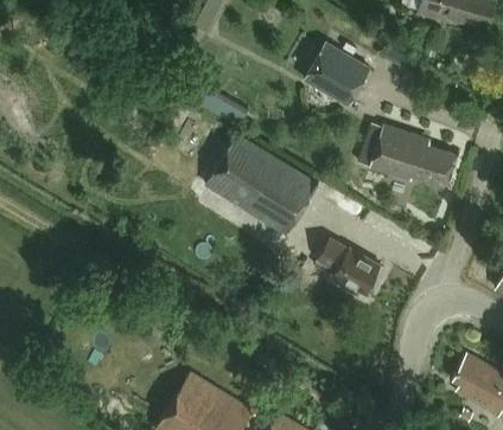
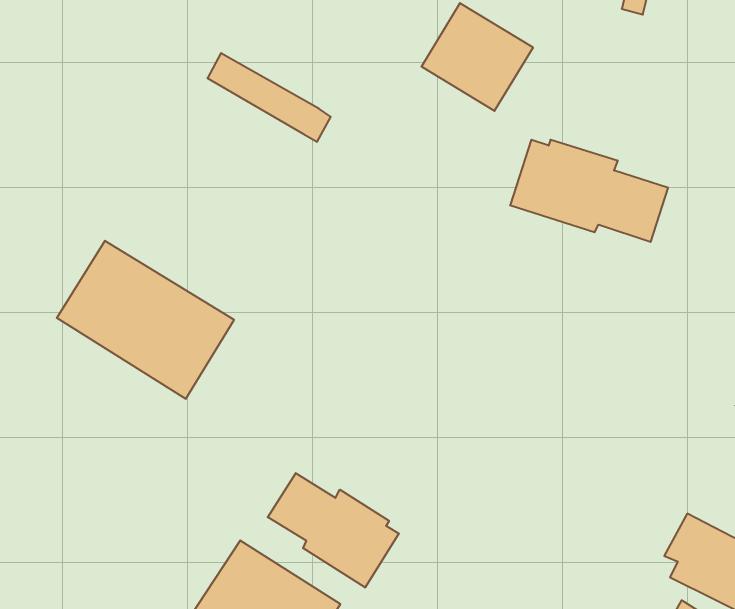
building: [208,139,317,236] -> [57,241,234,399]
building: [318,239,382,295] -> none
building: none -> [268,473,399,588]

